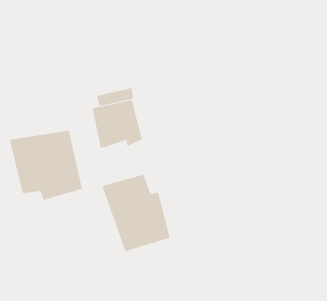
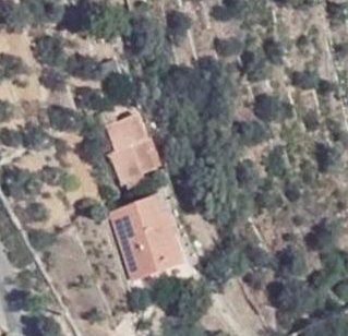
building: [9,130,83,201] -> none

